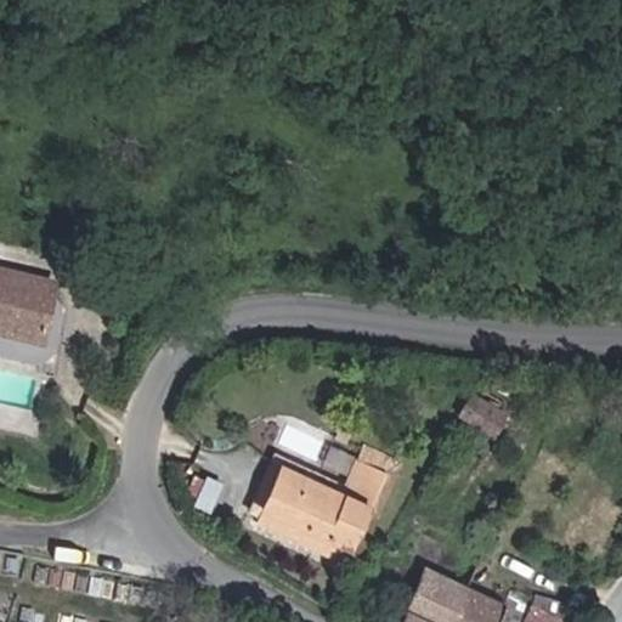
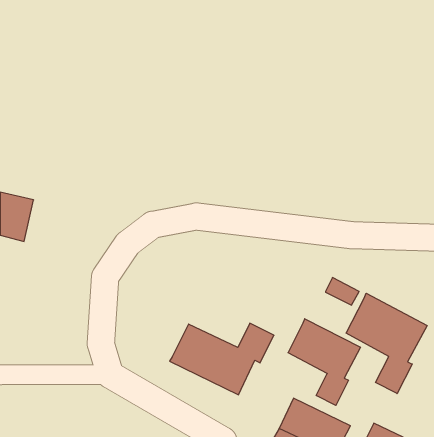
building: none -> [346,293,427,394]
building: none -> [288,319,360,405]

